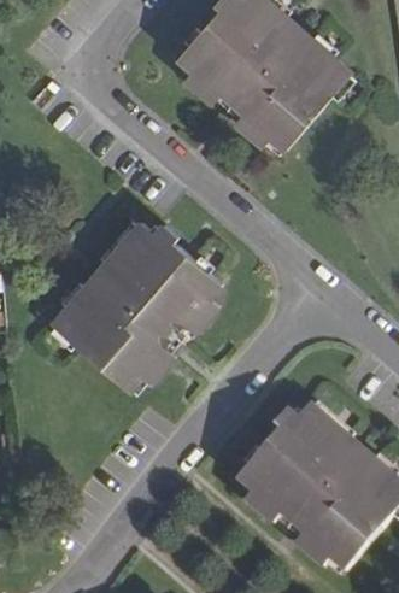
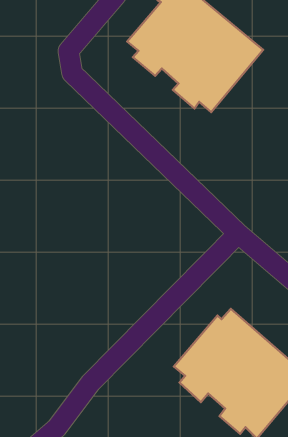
building: [51,221,221,391] -> none

